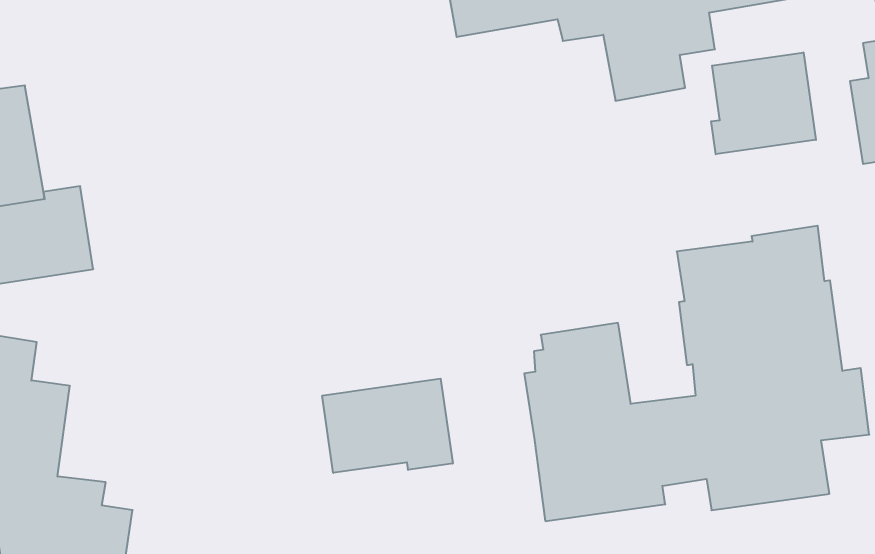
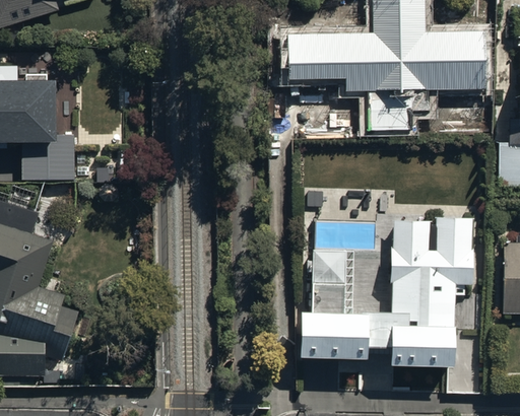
building: [711,52,816,154] -> none
building: [322,379,453,473] -> none

